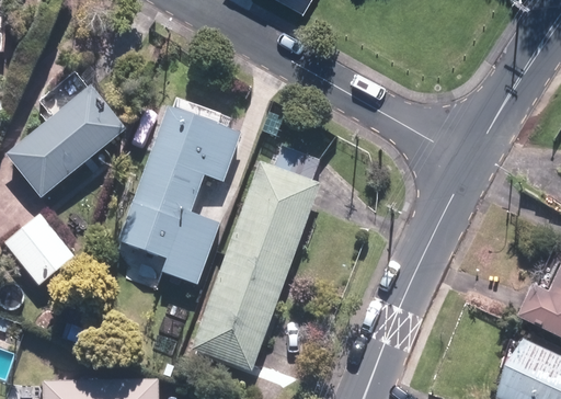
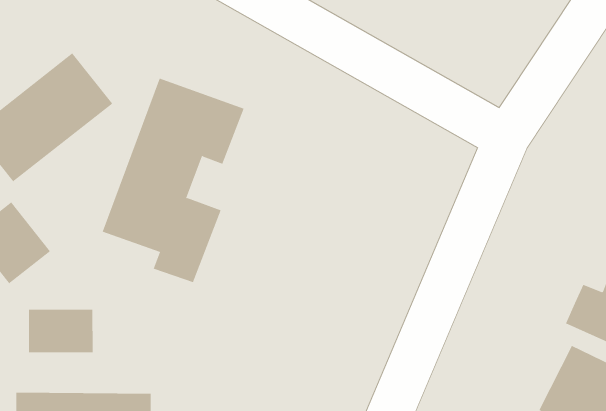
building: [188,145,322,370] -> none
building: none -> [28,309,93,353]

